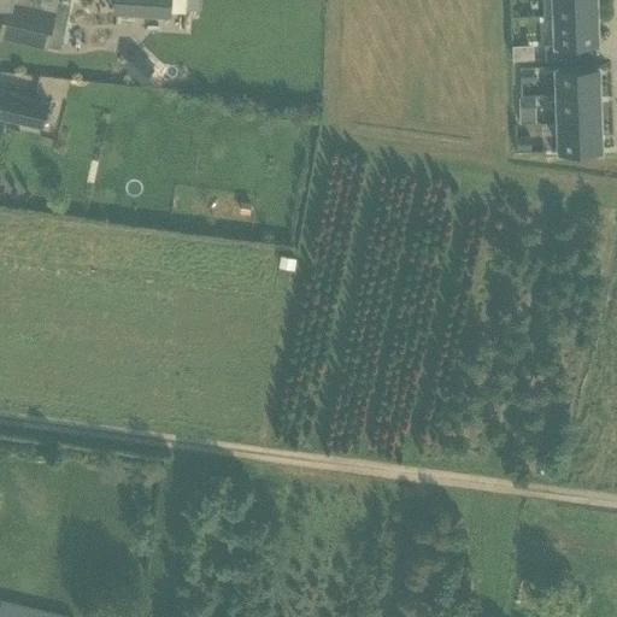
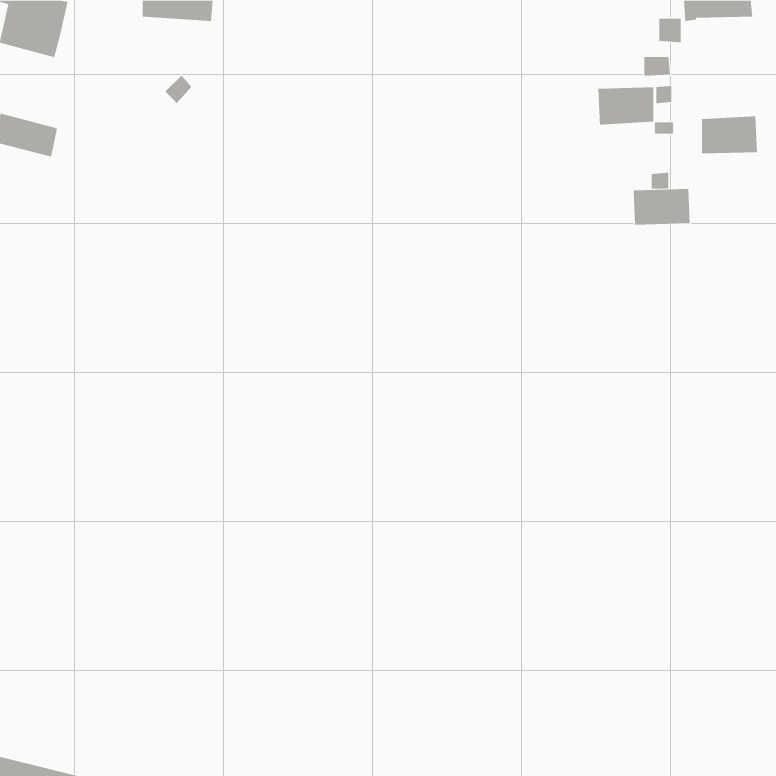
building: [551,16,597,46] -> none
building: [553,66,598,96] -> [598,87,654,125]
building: [554,123,600,152] -> [633,189,691,225]

